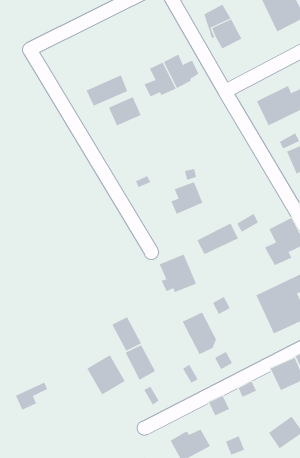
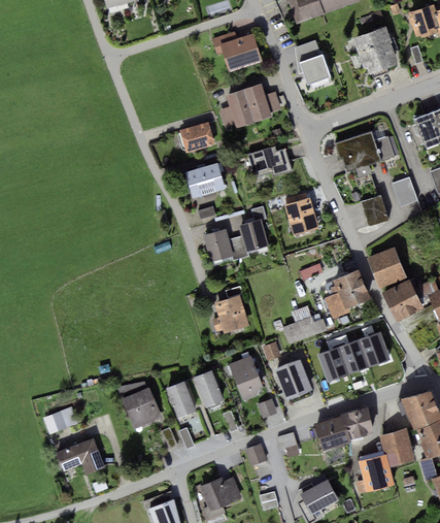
building: none -> [211,34,260,70]
building: [86,74,128,106] -> none
building: none -> [249,146,292,175]
building: none -> [185,162,225,197]
building: none -> [282,196,317,233]
building: none -> [204,228,232,259]
building: [196,223,239,255] -> [283,313,328,342]
building: none -> [275,359,312,396]
building: [112,317,142,351] -> [194,370,223,406]
building: none -> [56,439,103,472]

